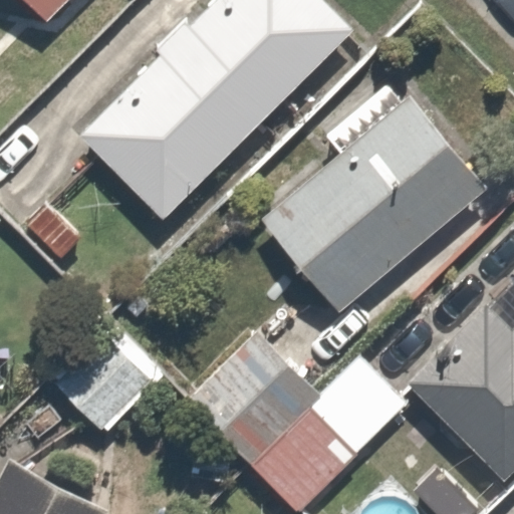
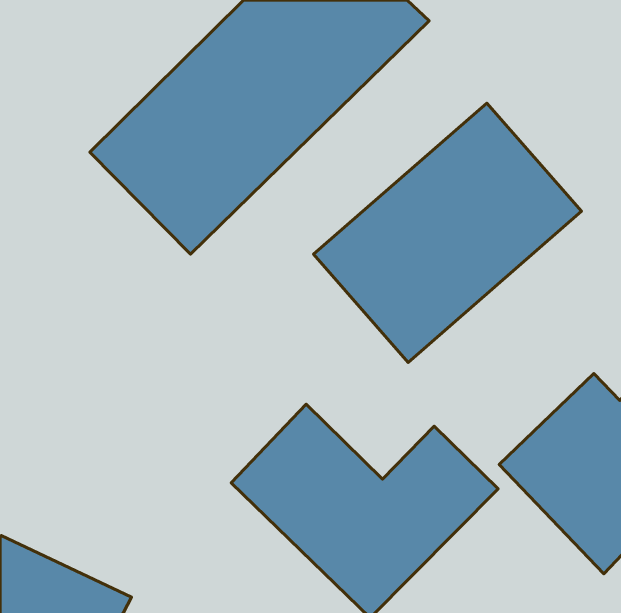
building: [52,319,160,427] -> none

